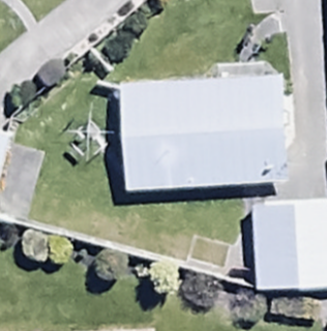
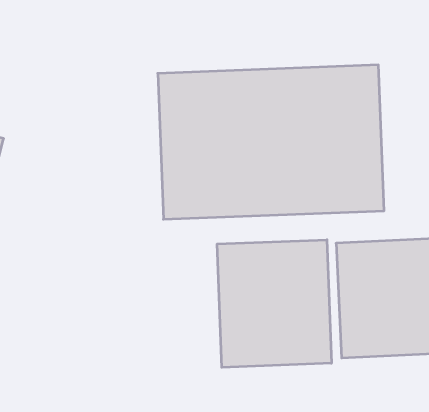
building: none -> [217,240,331,367]

